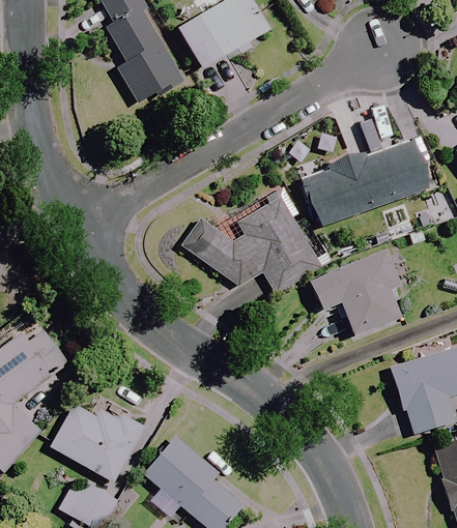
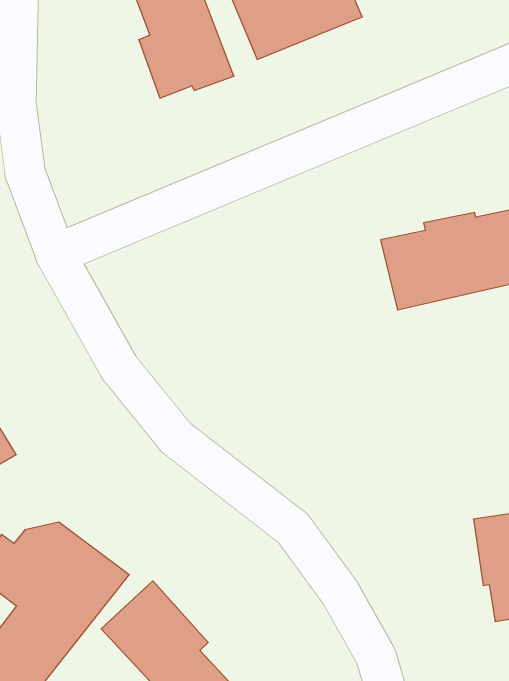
building: [182,197,320,289] -> none
building: [310,248,400,334] -> none

